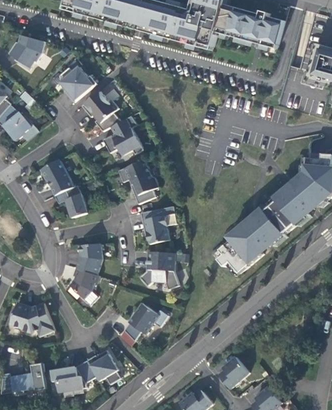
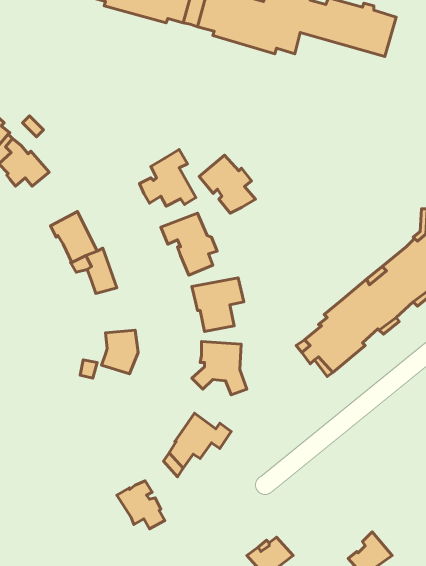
building: [8,34,45,69] -> none
building: [58,65,95,101] -> none
building: [80,89,120,130] -> [199,155,256,213]
building: [69,267,98,298] -> none
building: [9,301,54,335] -> none
building: [217,355,248,387] -> none
building: [50,359,96,391] -> none
building: [9,362,46,391] -> none

